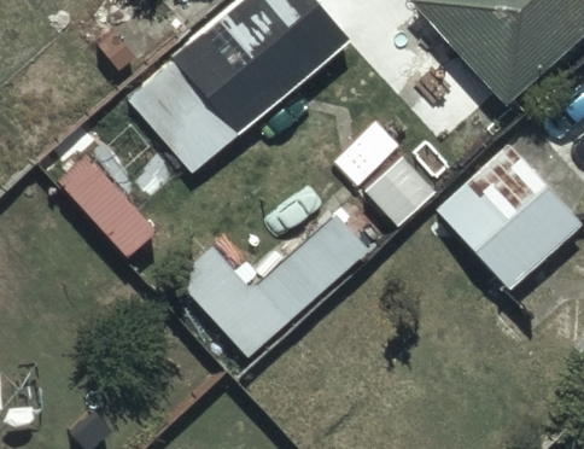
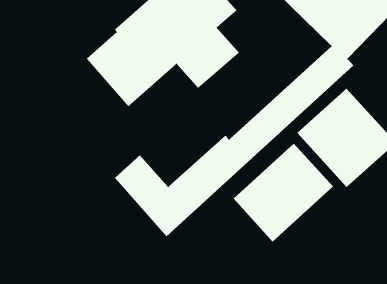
building: none -> [233,143,334,243]

